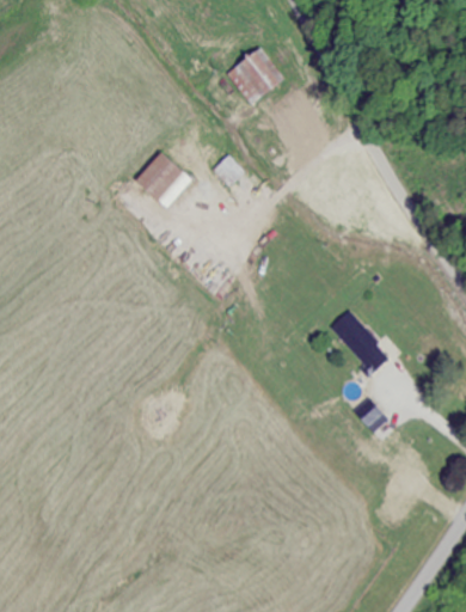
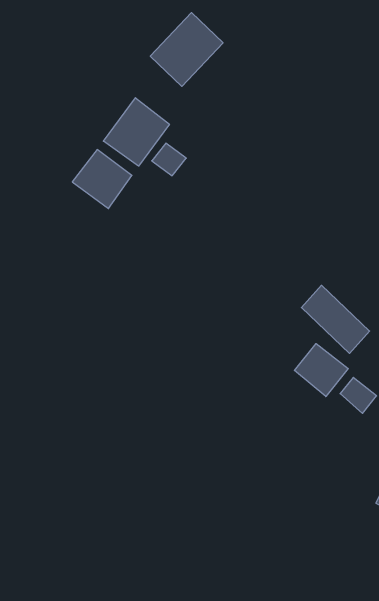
building: none -> [103,98,169,166]
building: none -> [294,344,348,397]

